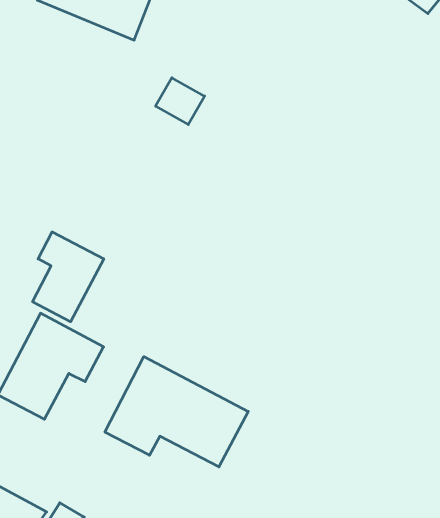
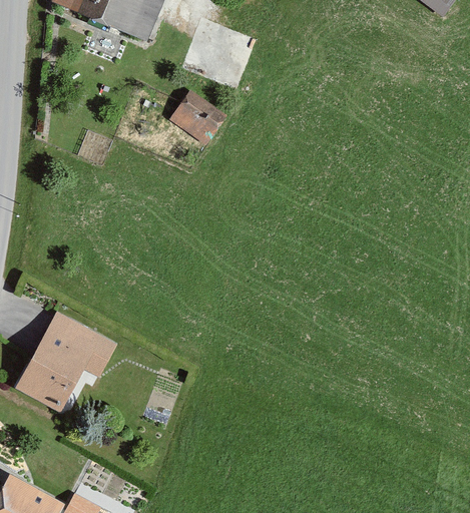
building: [33,232,104,322] -> none
building: [105,357,248,467] -> none

